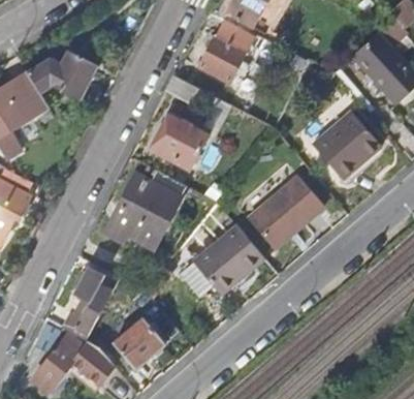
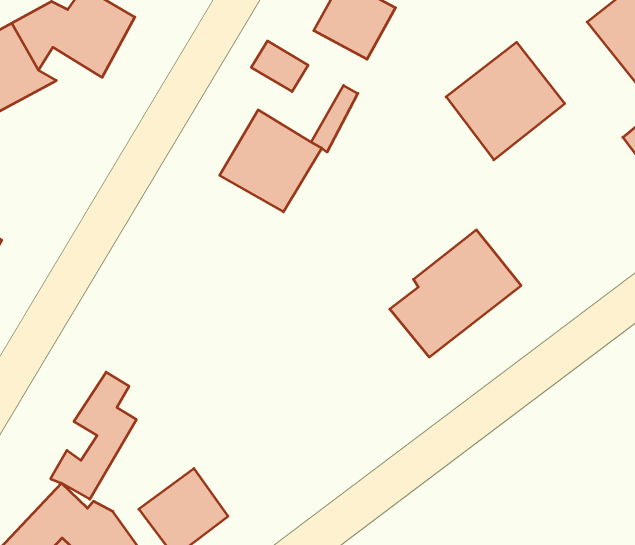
building: [312,110,379,177] -> [446,42,565,160]
building: [108,174,182,247] -> none
building: [191,224,262,295] -> none

